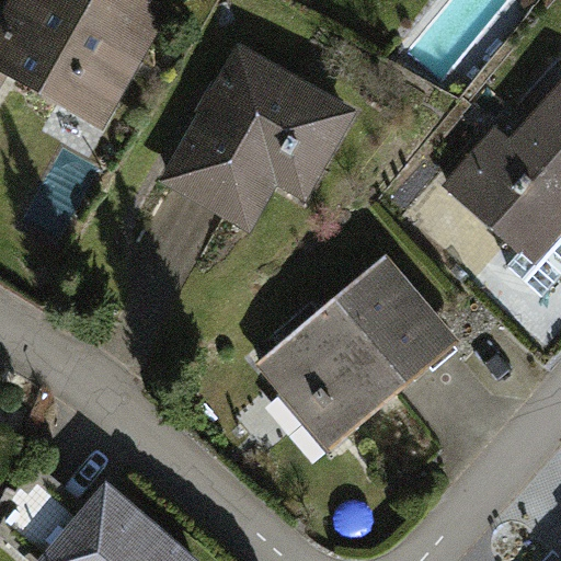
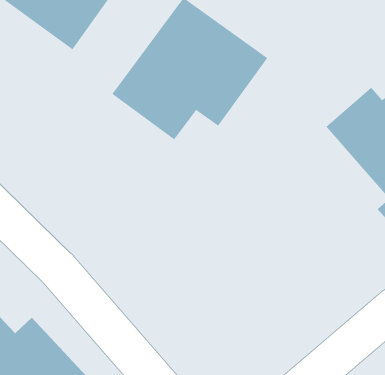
building: [251,256,455,451] -> none

